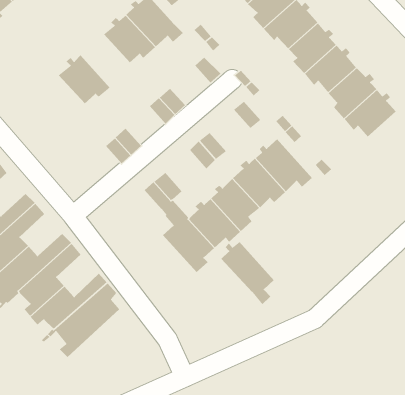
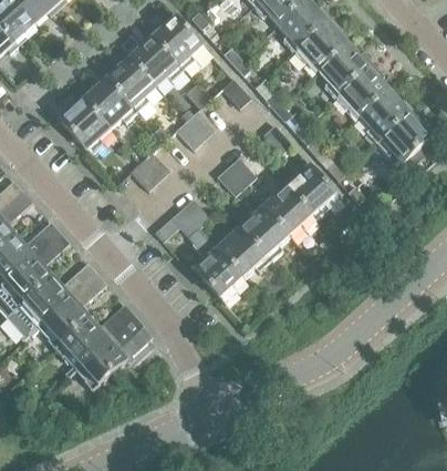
building: none -> [106,57,157,112]
building: none -> [60,99,111,154]
building: [220,241,274,305] -> none

